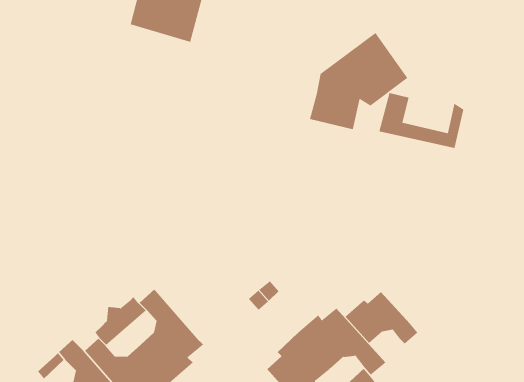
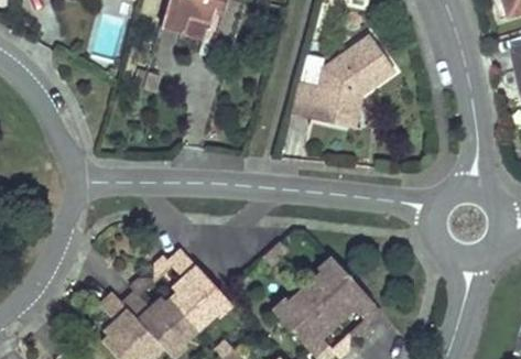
building: [378,92,464,148] -> [292,80,365,128]
building: [344,291,418,345] -> none

